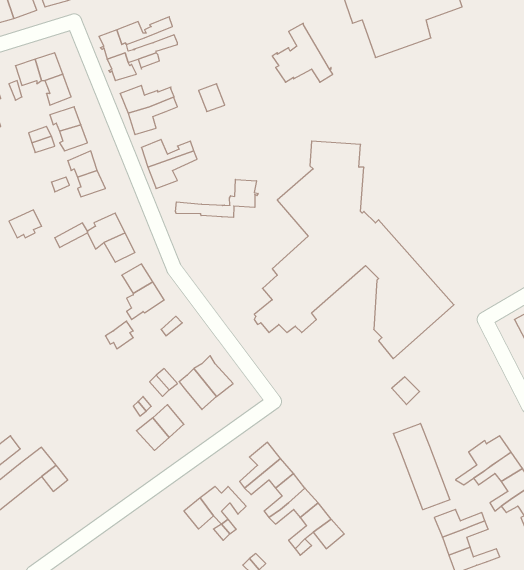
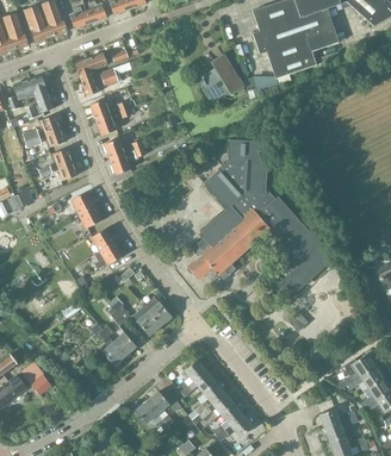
building: [176,179,258,217] -> none
building: [393,423,450,510] -> none

